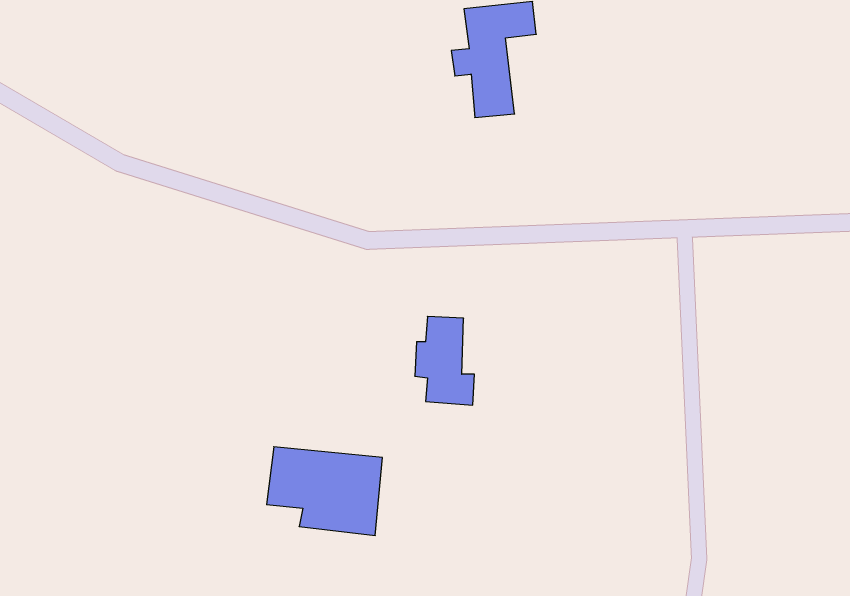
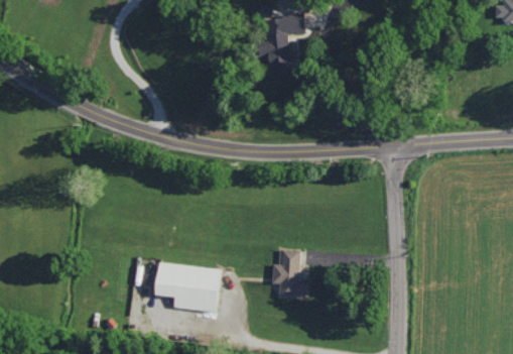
building: [415,316,474,405] -> [272,249,305,299]

